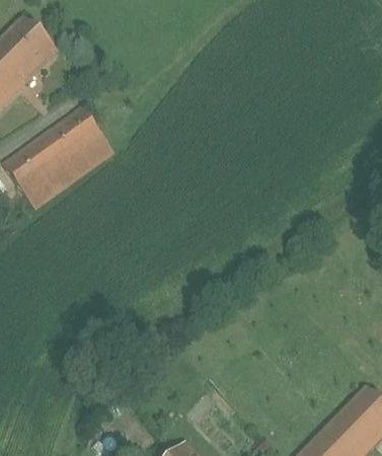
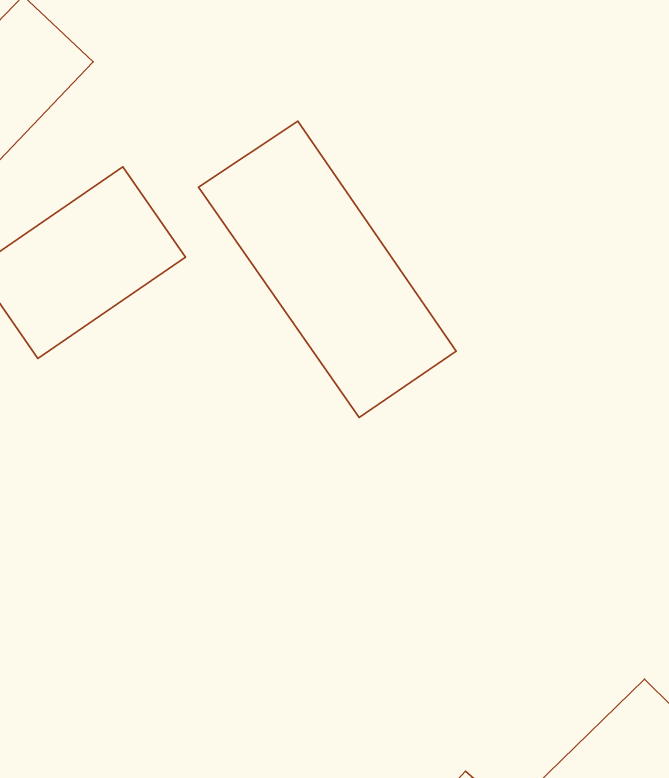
building: none -> [199,121,456,418]

